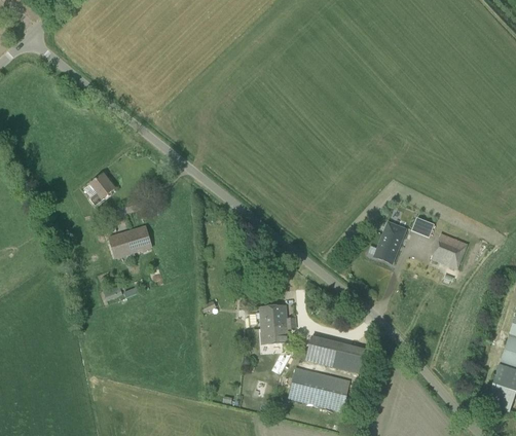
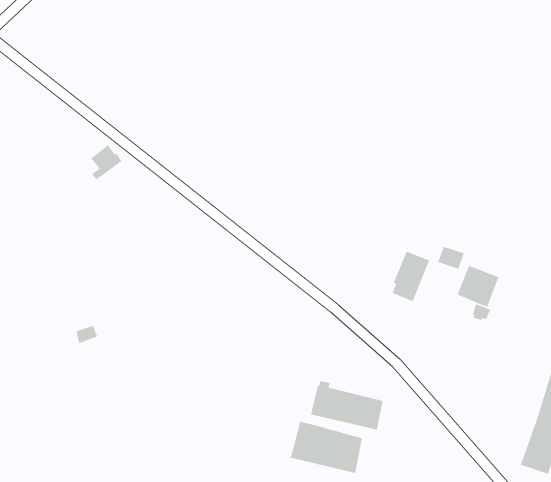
building: [90,172,118,203] -> [90,144,122,180]
building: [109,225,153,258] -> none
building: [260,305,296,343] -> none

